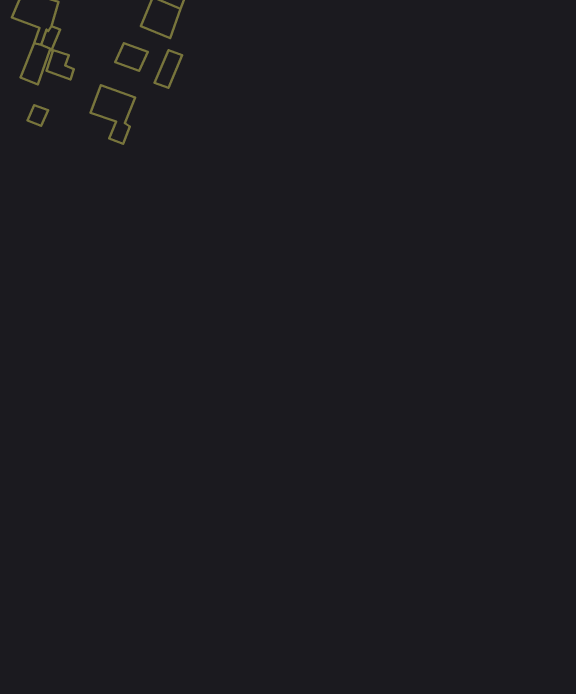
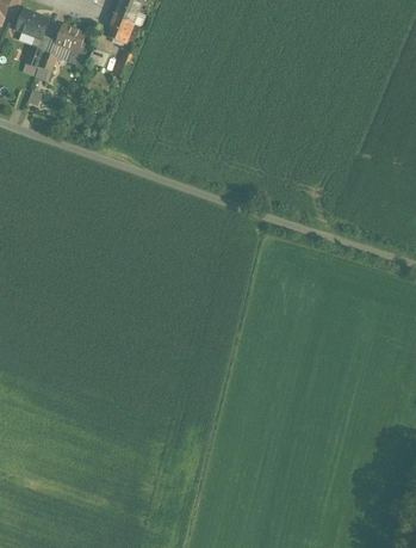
building: [90,85,135,144] -> [56,25,87,66]

